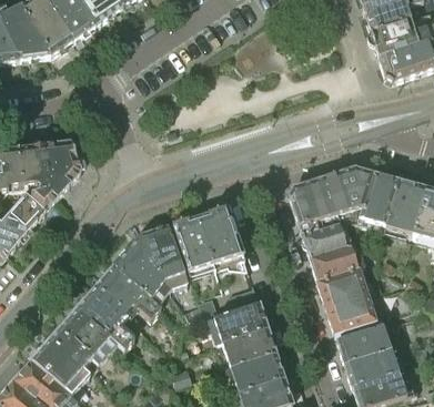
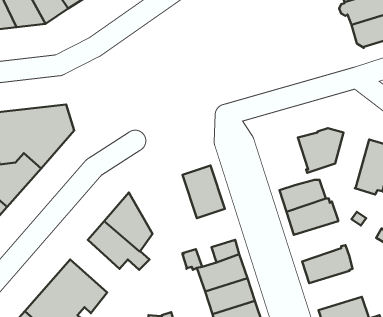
building: [357,171,398,230] -> none
building: [289,176,333,233] -> none
building: [173,216,213,272] -> none
building: [140,226,184,279] -> none
building: [317,266,373,309] -> none
building: [77,286,135,349] -> none
building: [336,323,391,362] -> none

